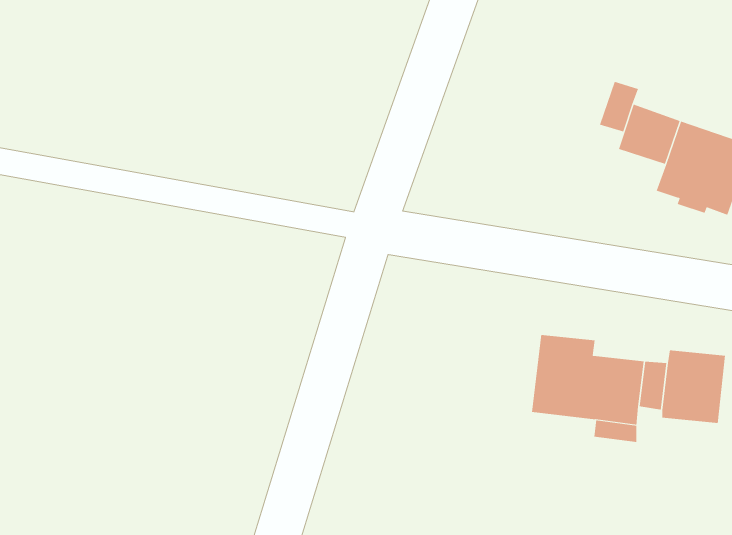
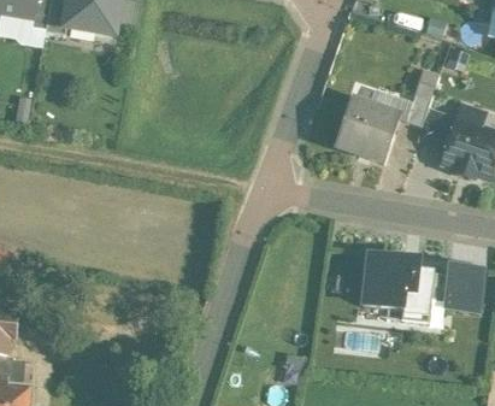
building: none -> [335,96,397,159]

